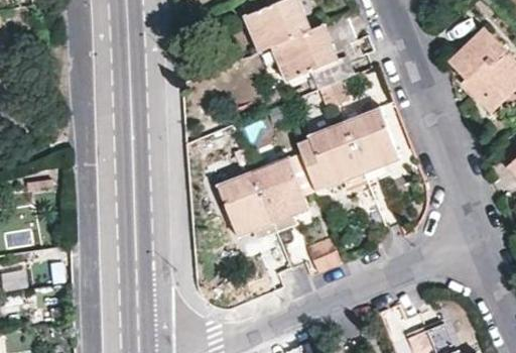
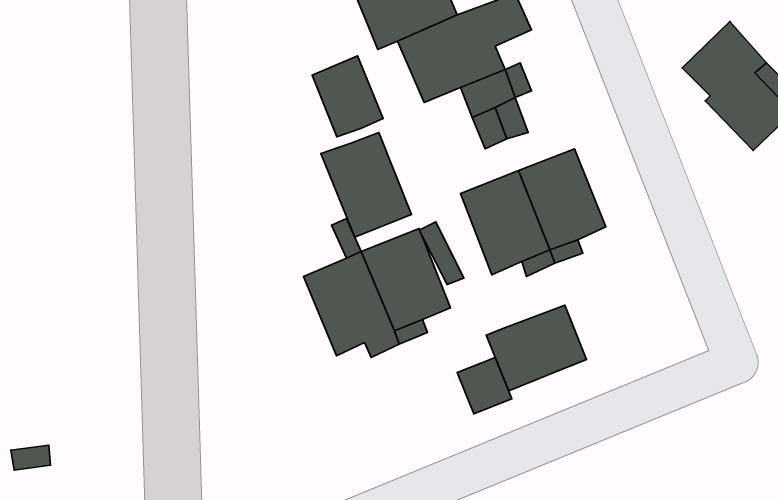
building: none -> [312,56,383,137]
building: none -> [321,132,412,237]
building: none -> [486,305,586,391]

